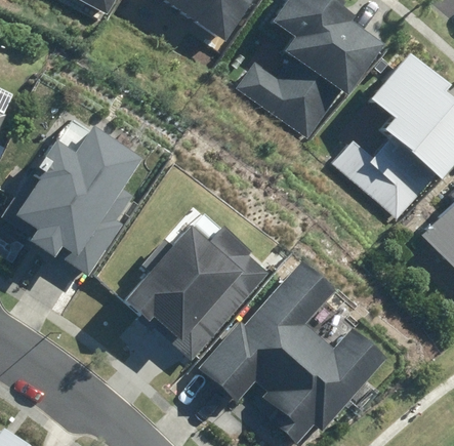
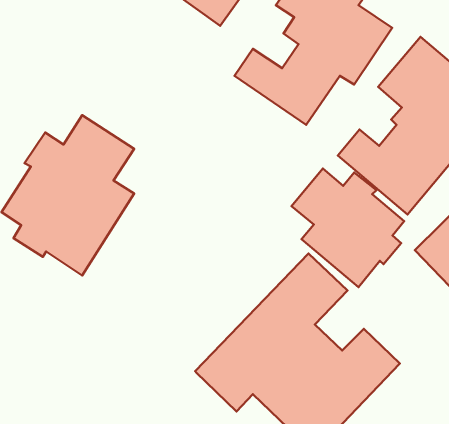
building: none -> [292,169,404,287]
building: [124,225,270,361] -> none

